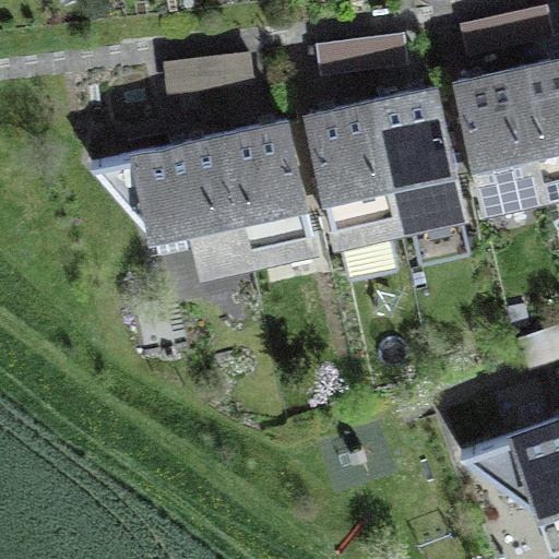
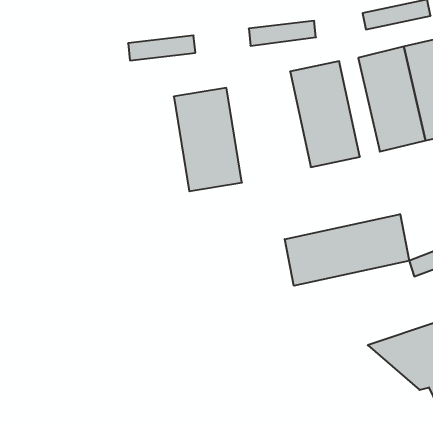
building: [301,103,397,238] -> none
building: [99,134,243,270] -> none
building: none -> [285,214,409,286]

